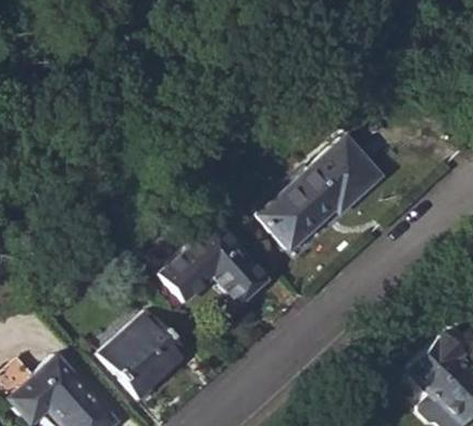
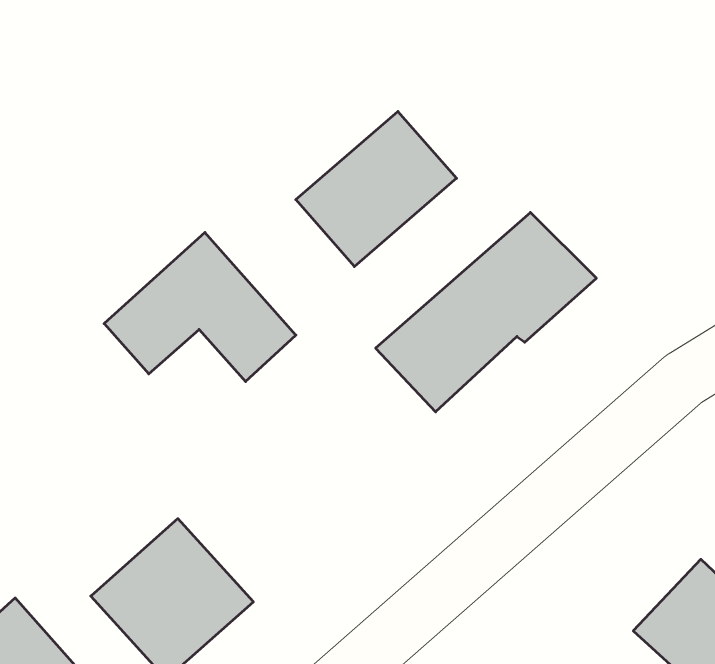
building: none -> [296,111,457,267]
building: [160,222,267,305] -> [104,232,296,382]

